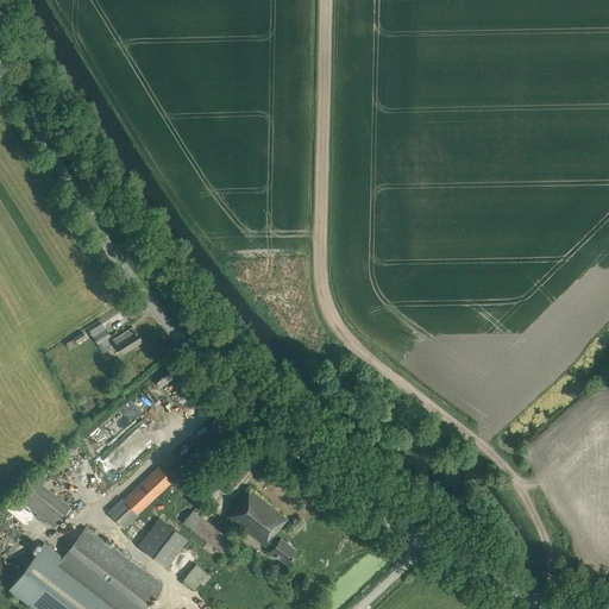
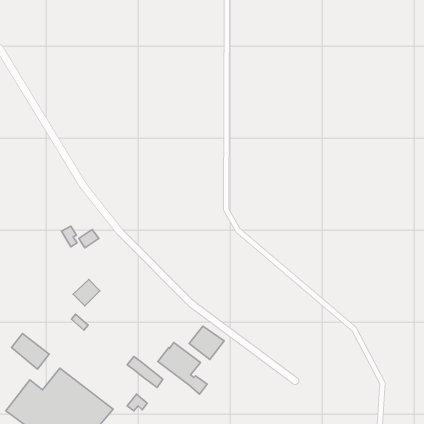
building: [107,467,171,530] -> none
building: none -> [189,326,224,359]
building: [138,519,187,569] -> none

